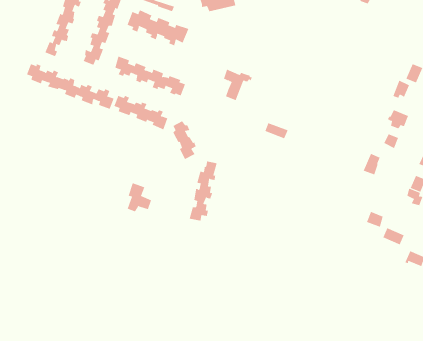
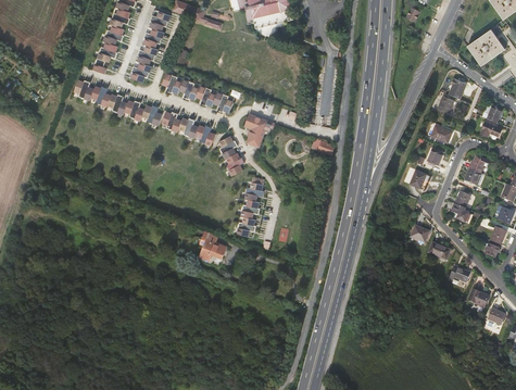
building: [127,10,189,46] -> none
building: [223,69,253,101] -> [244,115,274,147]
building: [127,183,152,212] -> [199,229,224,259]

